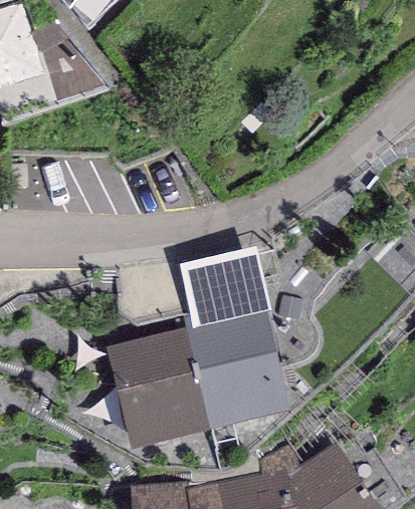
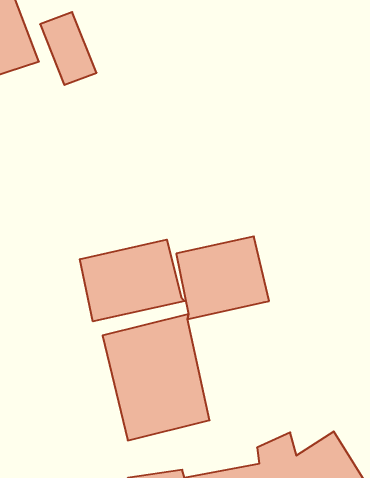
building: none -> [80,240,184,321]
building: [190,313,288,431] -> none

